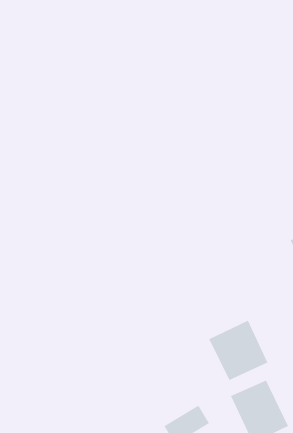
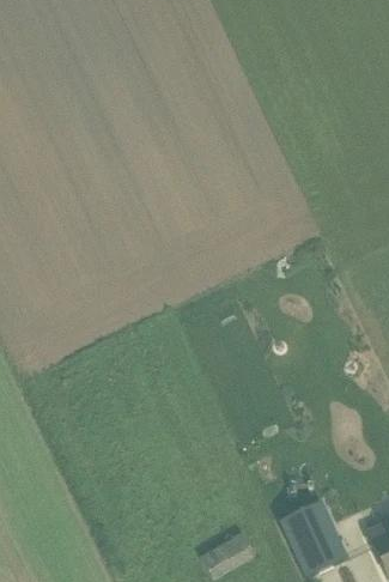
building: [209,320,268,381] -> none

